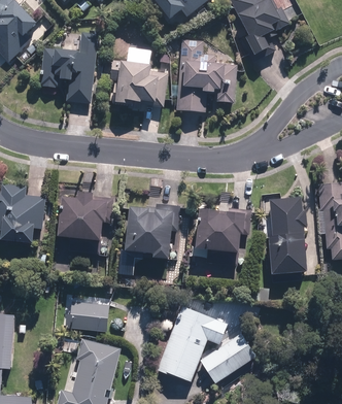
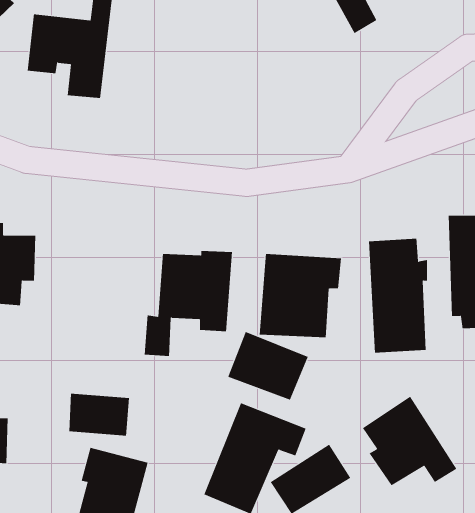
building: [176,42,234,111] -> none
building: [108,47,166,109] -> none
building: [56,191,114,254] -> none
building: none -> [227,331,309,400]
building: none -> [362,396,457,486]

